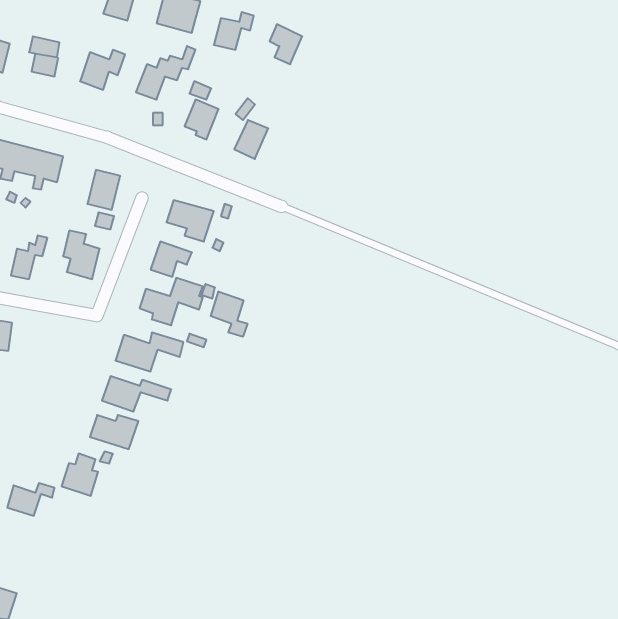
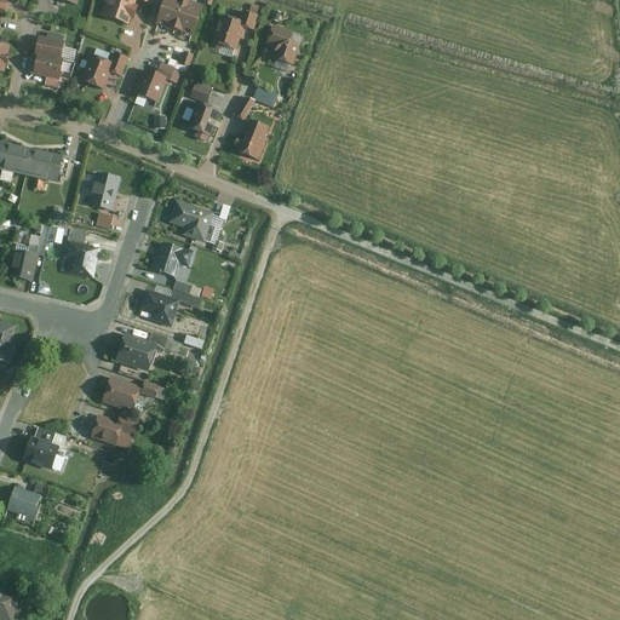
building: [211,291,247,337] -> none
building: [62,454,98,496] -> [19,427,56,470]

